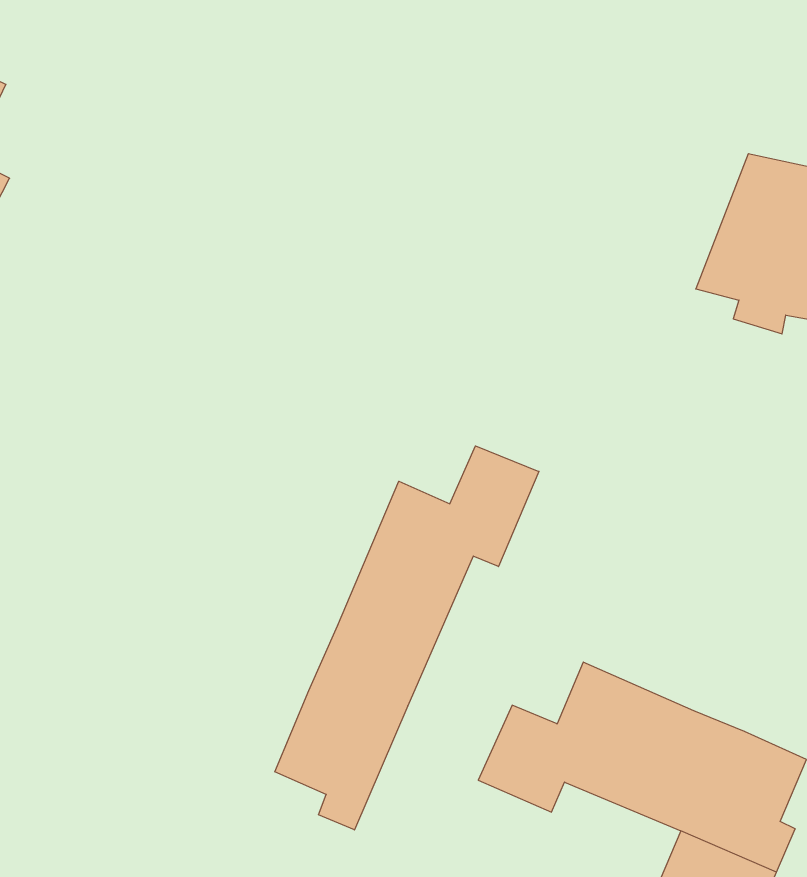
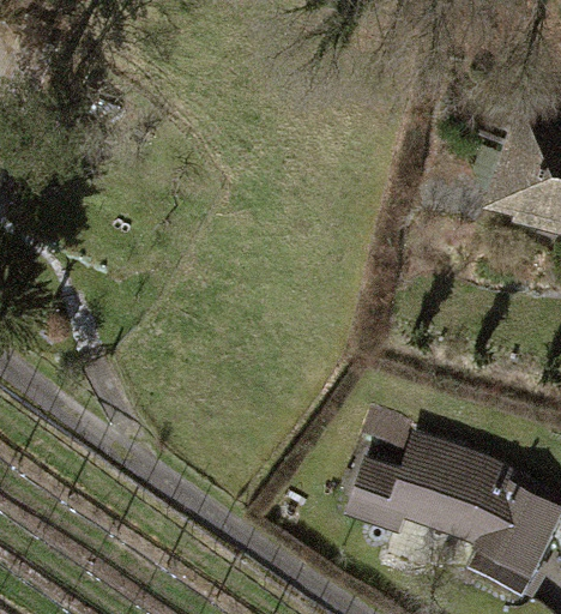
building: [275,446,539,830] -> none

